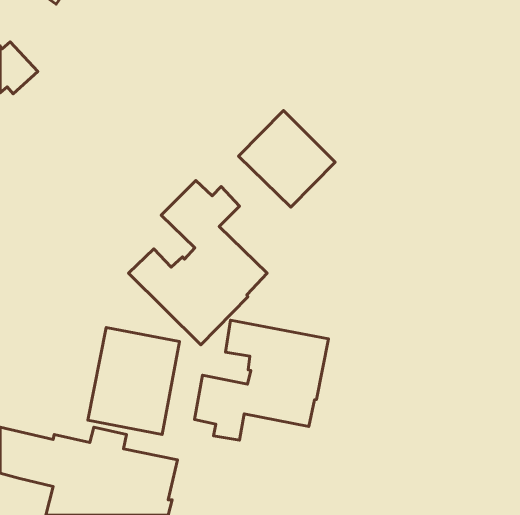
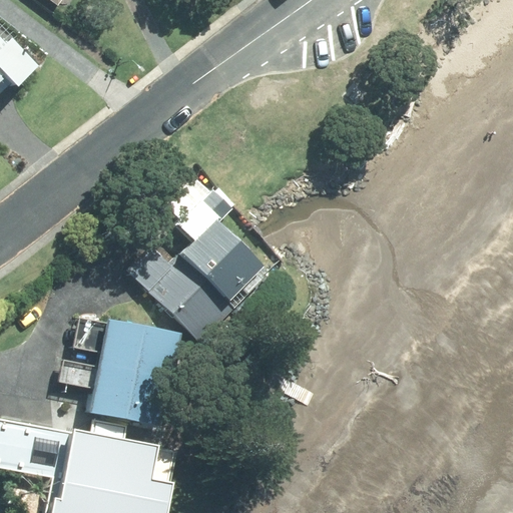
building: [238,111,335,207] -> none
building: [194,320,328,440] -> none

